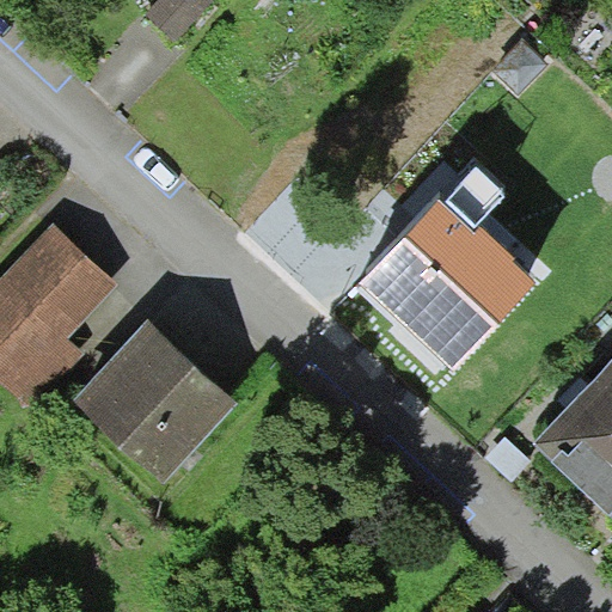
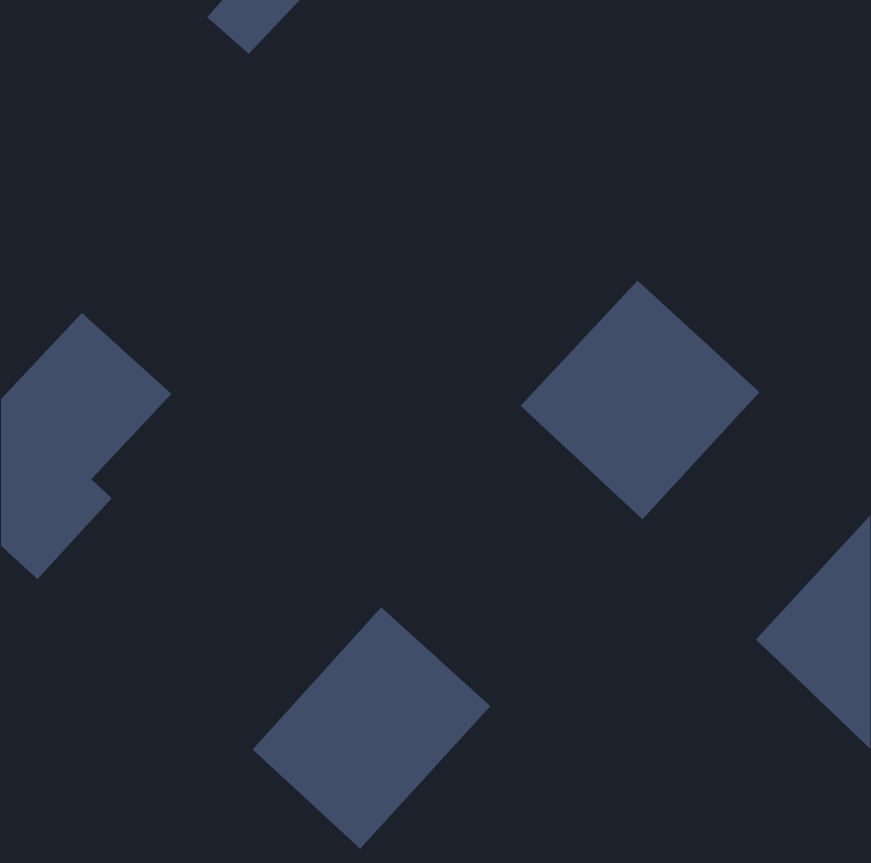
building: [72,318,238,484] -> none
building: none -> [252,606,491,849]

